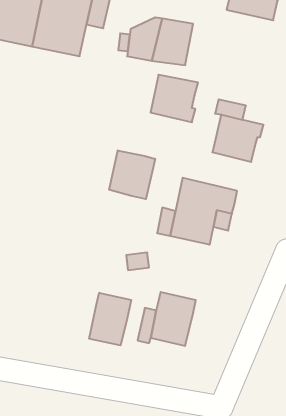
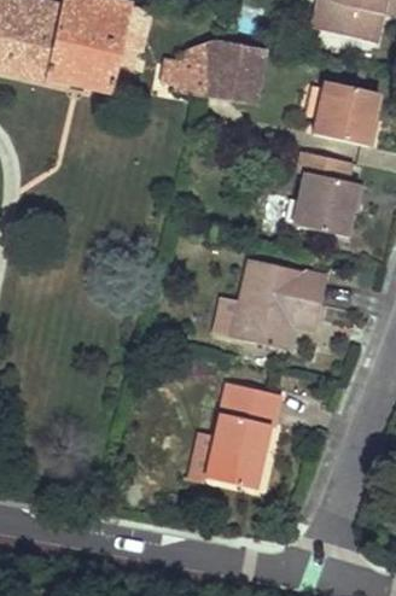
building: [151,75,198,122] -> [314,82,379,147]
building: [109,150,155,199] -> none
building: none -> [221,382,281,426]
building: [89,293,131,345] -> none

